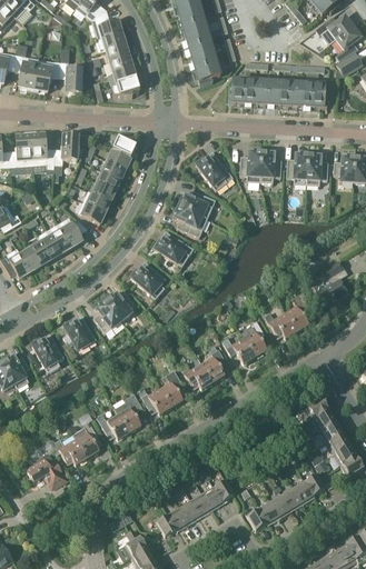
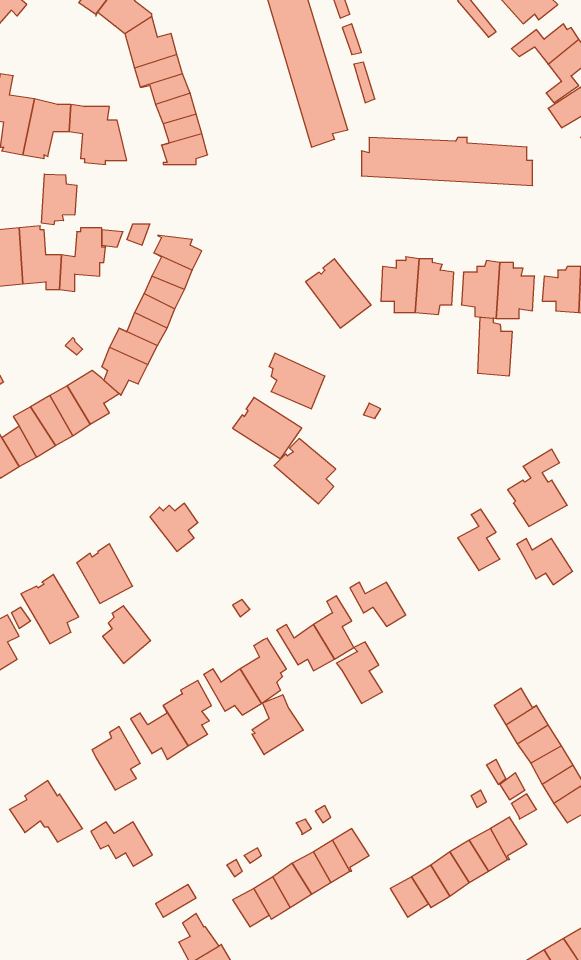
building: none -> [42,174,77,225]
building: none -> [478,317,512,376]
building: [178,190,216,219] -> none
building: [130,261,166,299] -> [274,439,336,504]
building: [93,300,121,333] -> [103,606,151,663]
building: [264,312,296,339] -> [517,538,573,585]
building: [239,321,266,357] -> [336,642,383,703]
building: none -> [252,695,303,755]
building: [50,439,86,465] -> [91,822,152,866]

